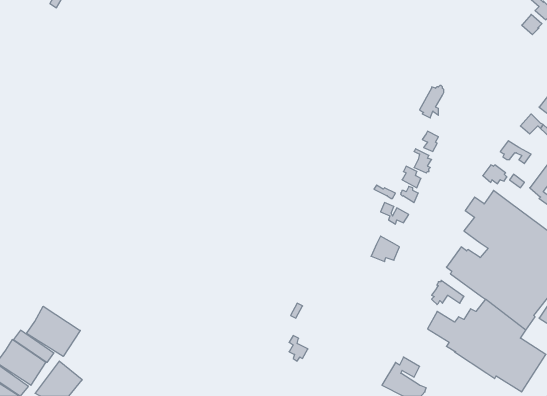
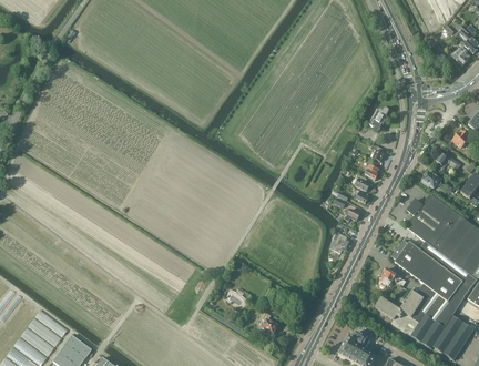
building: [27,306,80,356] -> none

